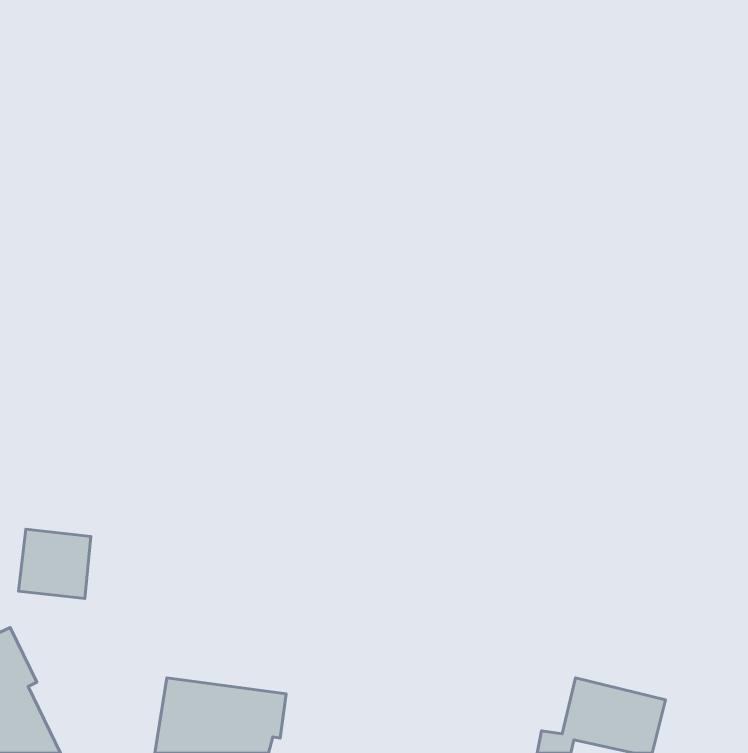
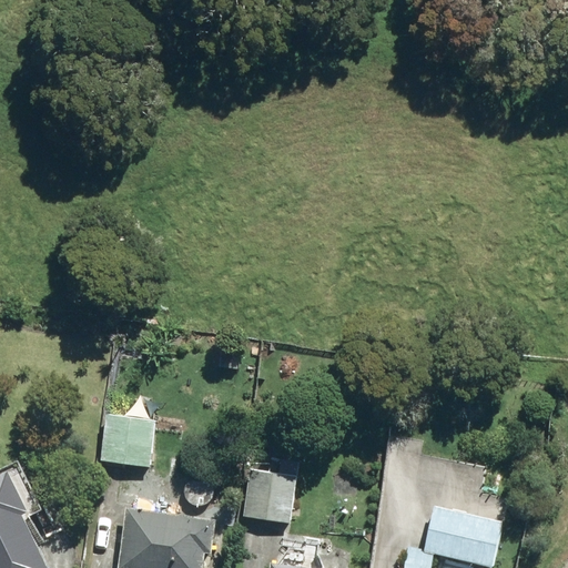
building: [19,529,91,599] -> [101,415,155,467]
building: none -> [243,470,296,523]

